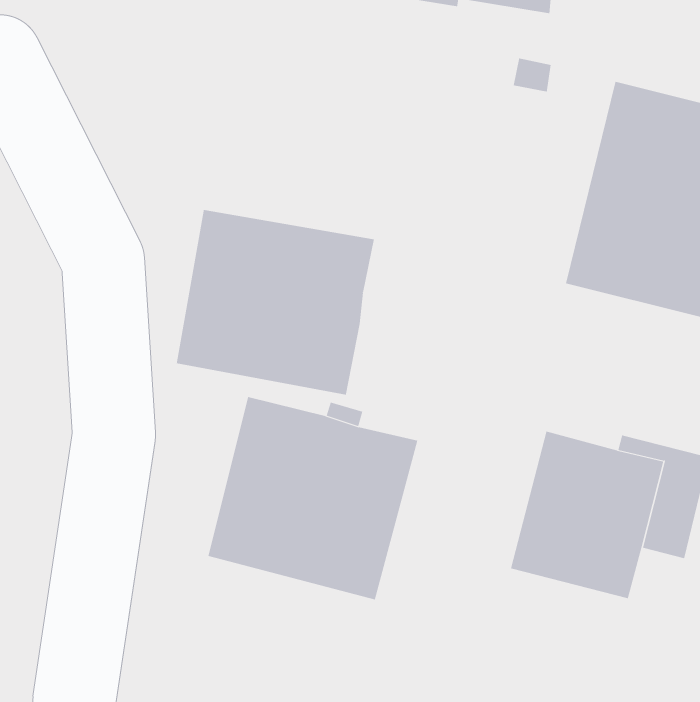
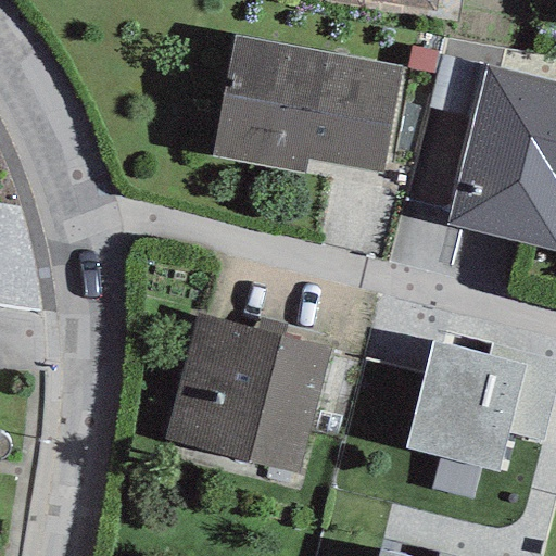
building: none -> [213,35,402,172]
building: [176,209,375,395] -> none

